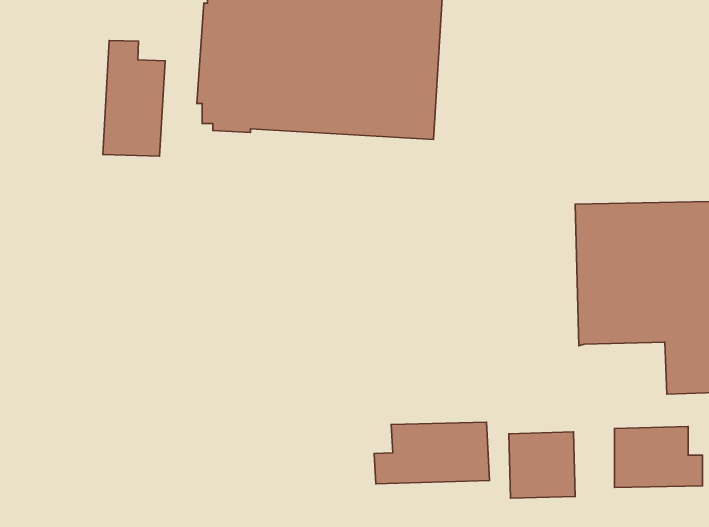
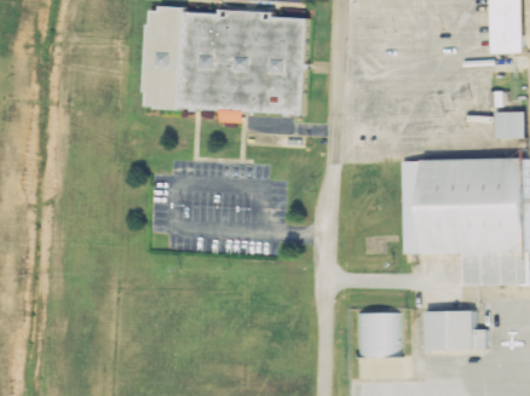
building: [103,41,165,156] -> none
building: [374,422,490,484] -> none

